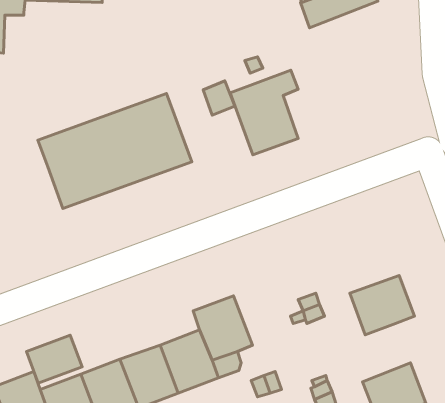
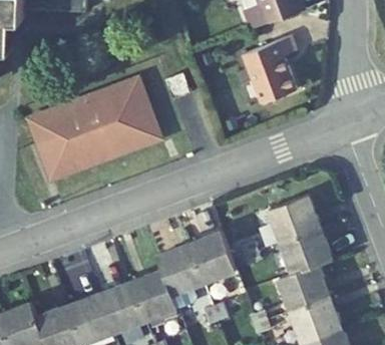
building: [230,70,298,155] -> [242,36,296,103]
building: none -> [269,195,320,241]
building: none -> [188,231,236,282]
building: none -> [279,265,329,311]
building: [26,335,82,383] -> none

